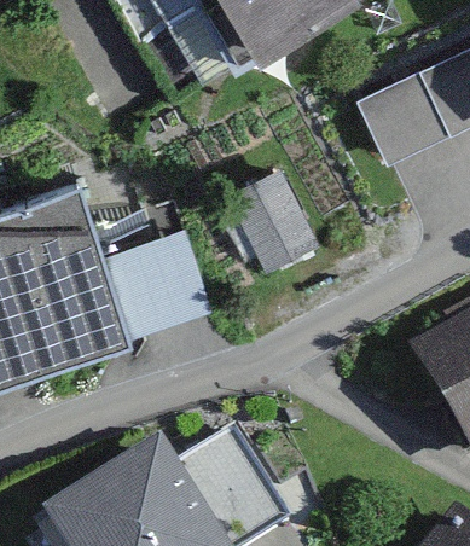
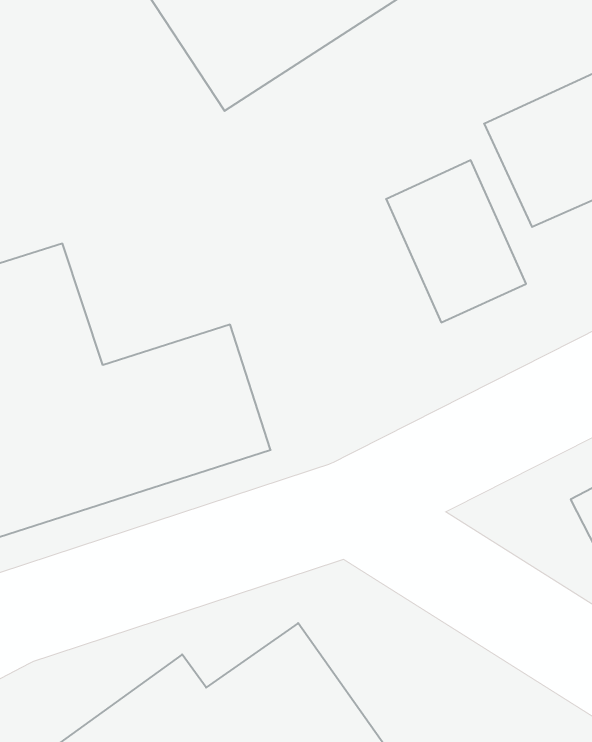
building: [227,169,319,275] -> [386,160,526,322]

